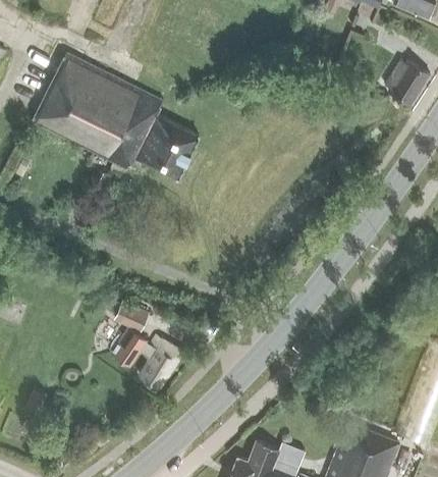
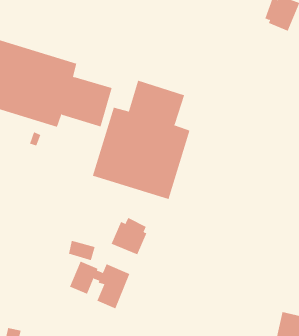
building: none -> [92,80,190,200]
building: none -> [111,217,147,255]

